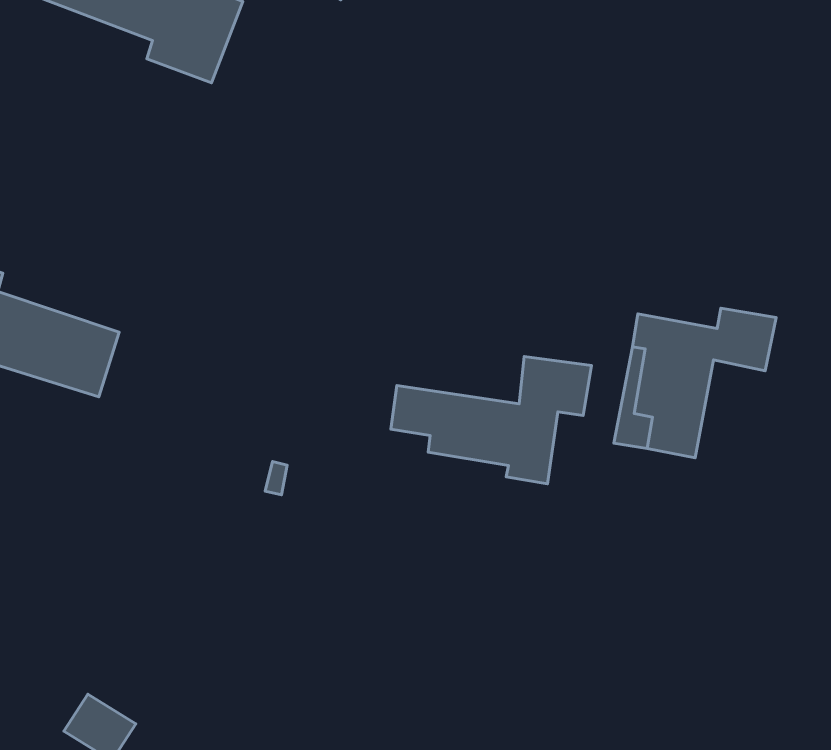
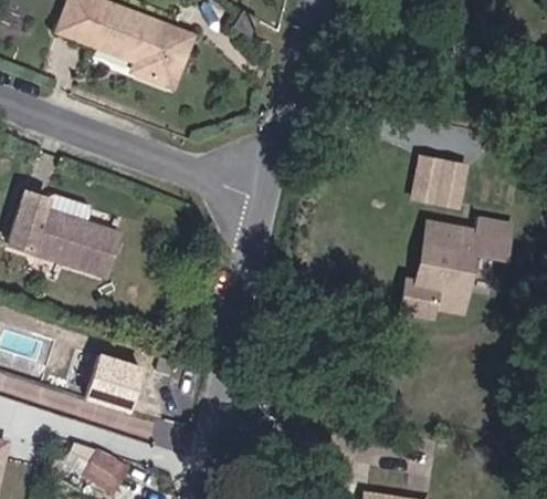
building: none -> [412,157,464,206]
building: [391,356,591,484] -> none
building: none -> [86,354,141,409]

